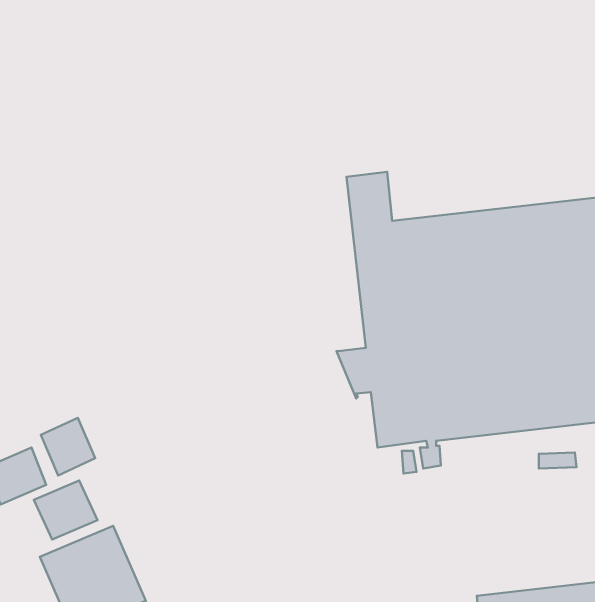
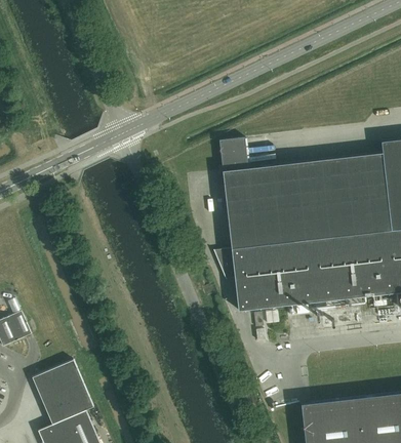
building: [41,418,95,475] -> none
building: [34,481,97,540] -> none

